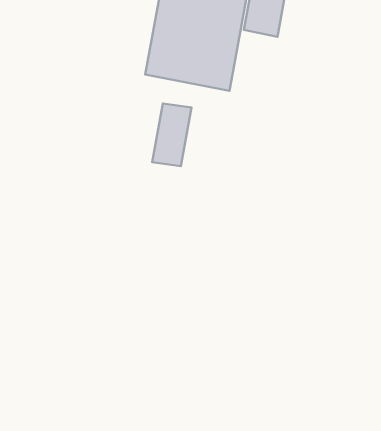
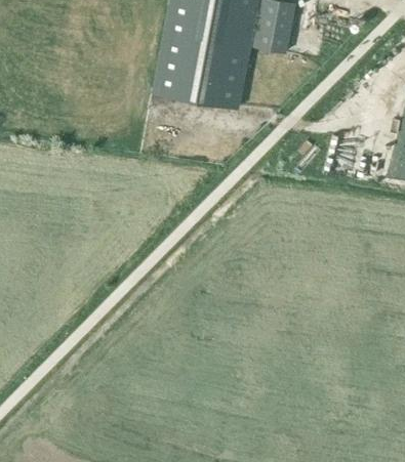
building: [152,104,192,166] -> none

